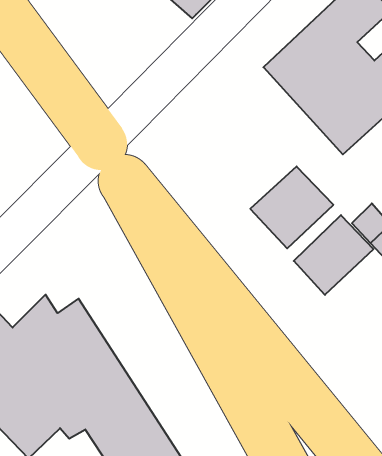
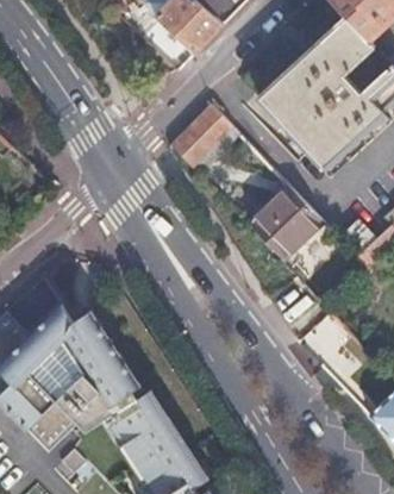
building: none -> [171,104,239,174]
building: [294,215,373,295] -> none

